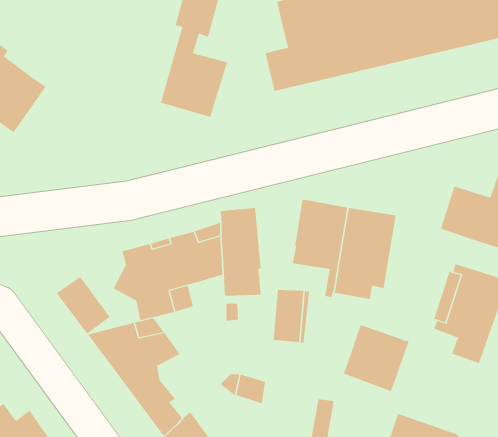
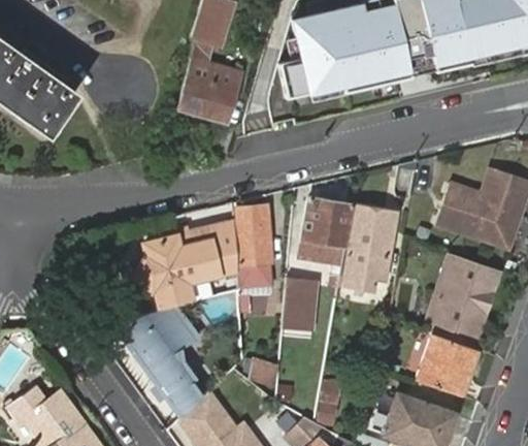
building: [56,276,111,335] -> none
building: [343,324,410,392] -> [417,334,477,396]

